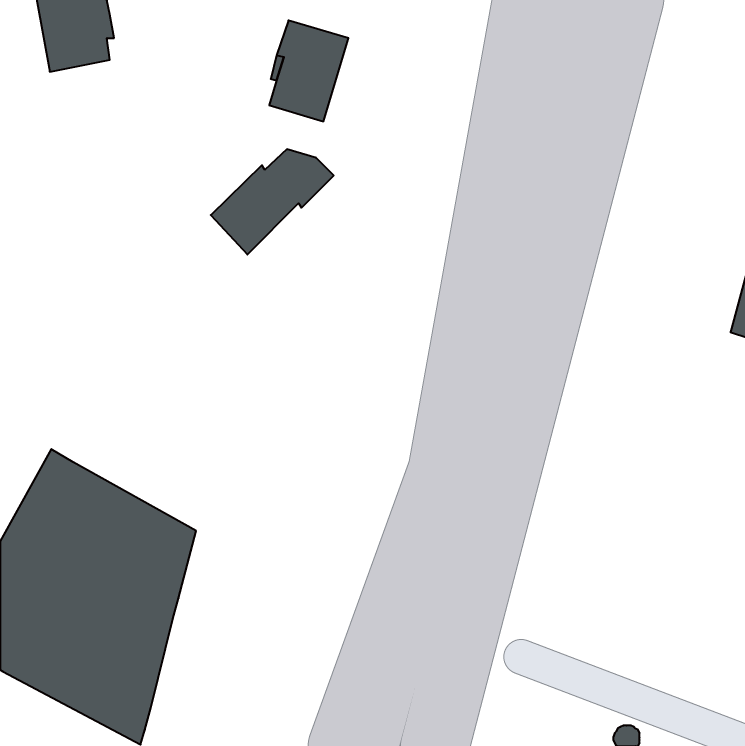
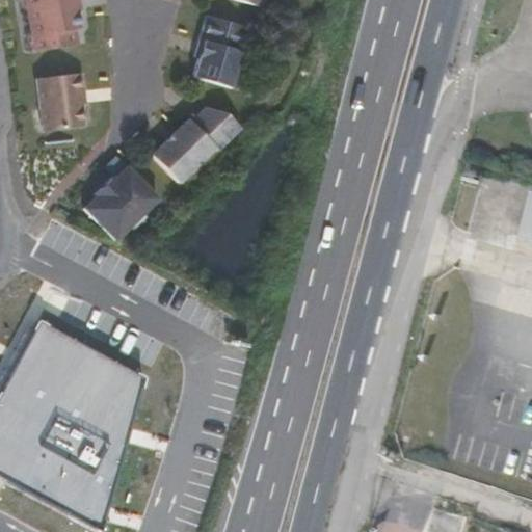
building: none -> [37,65,94,131]
building: none -> [86,167,160,241]

